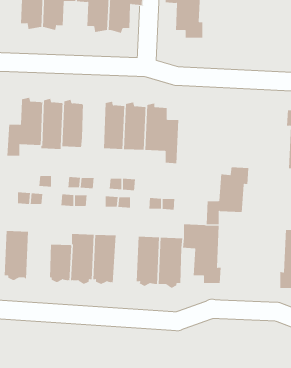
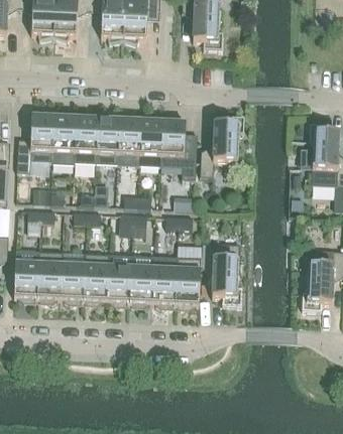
building: none -> [95,114,119,164]
building: [206,167,249,225] -> [199,116,244,176]
building: none -> [37,251,63,304]
building: none -> [128,255,153,308]

